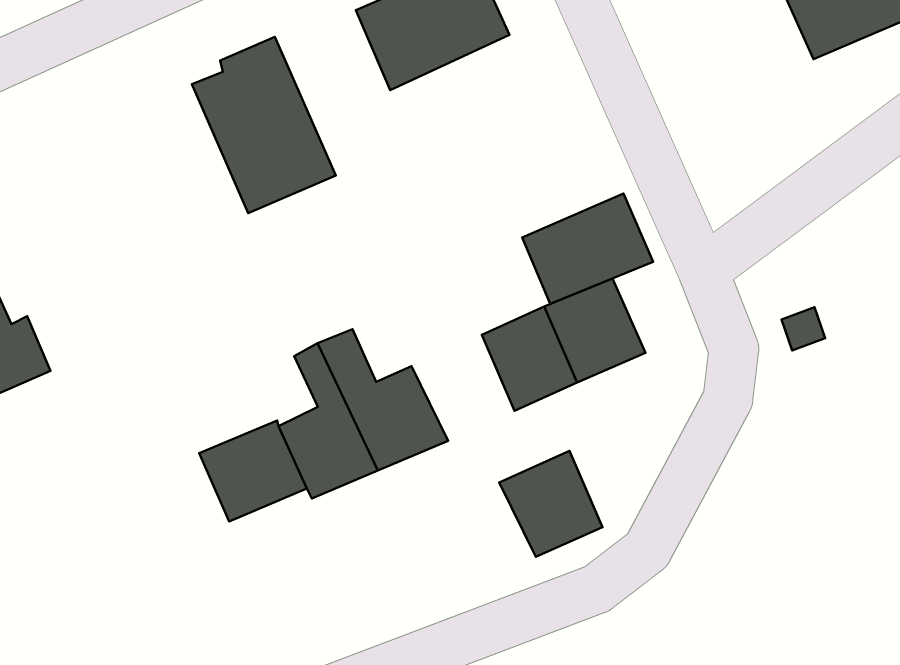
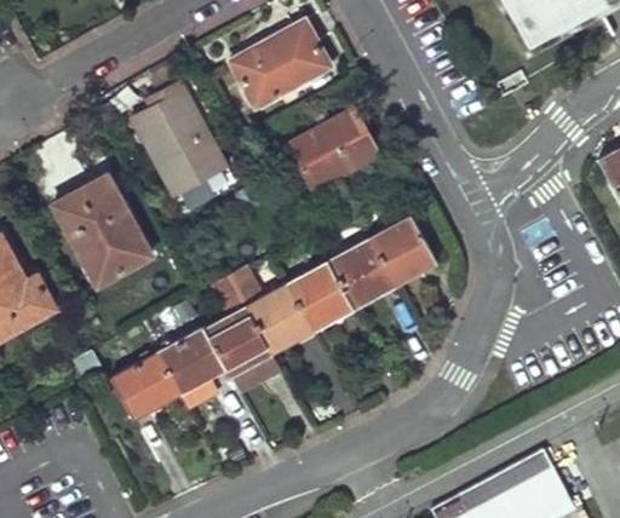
building: none -> [53,177,149,283]
building: [522,194,653,304] -> [292,109,378,184]
building: [499,451,602,557] -> [287,260,356,330]
building: none -> [108,352,178,420]

